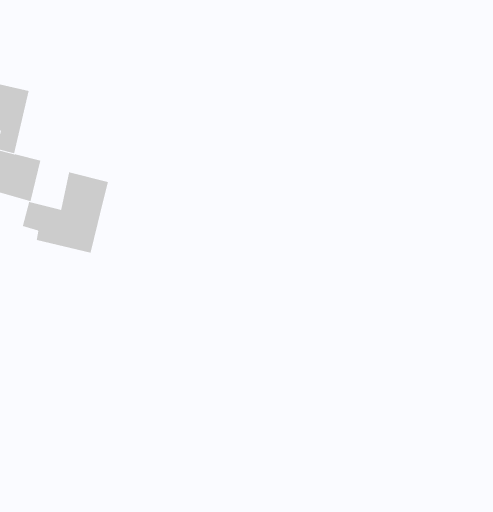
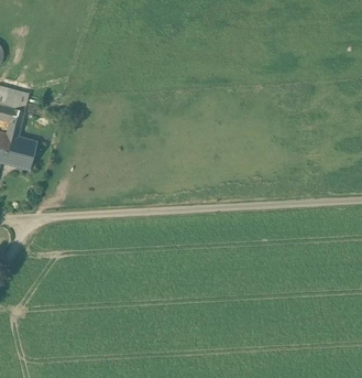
building: [22,171,109,253] -> none

